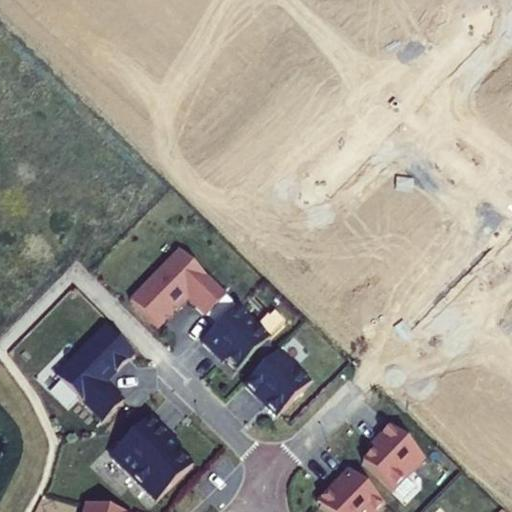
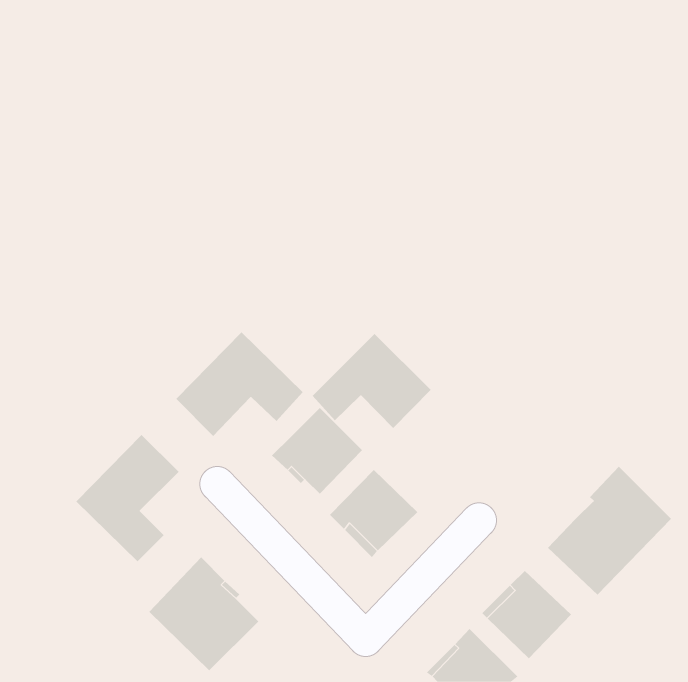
building: none -> [312,333,431,429]
building: none -> [547,466,672,595]

